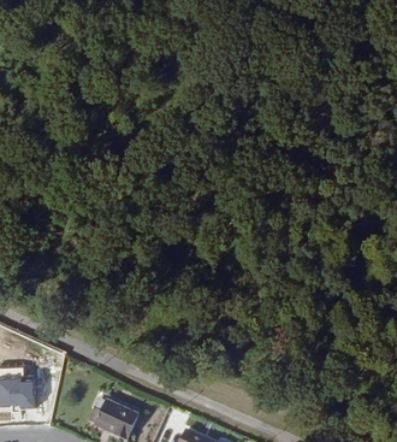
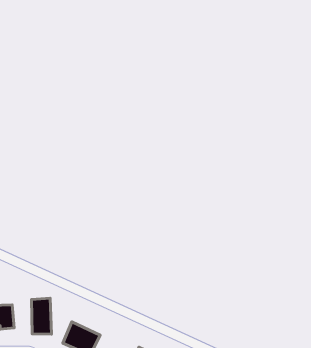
building: none -> [32,298,51,334]

